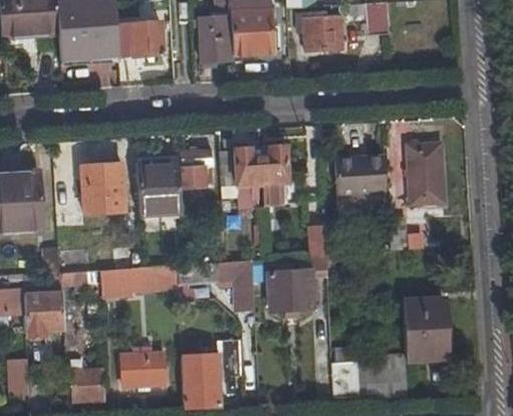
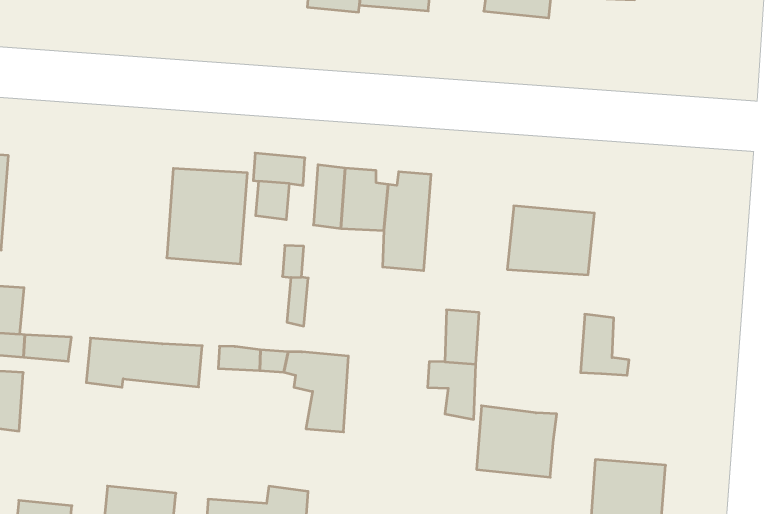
building: [406,145,442,206] -> none
building: [81,163,124,214] -> none
building: [268,271,313,309] -> [477,406,557,477]

